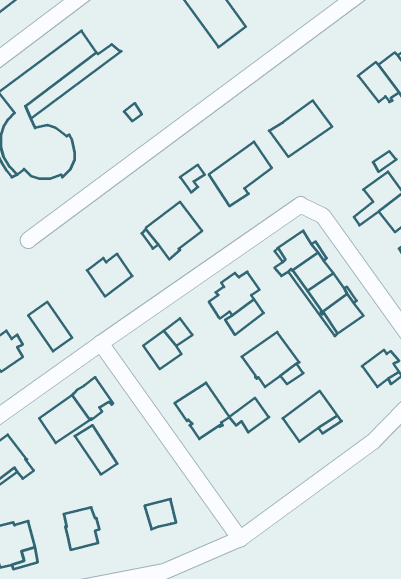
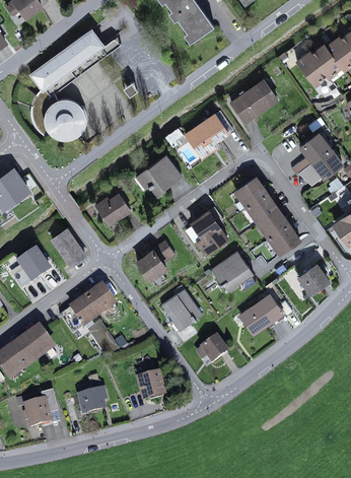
building: [229,398,269,432] -> [197,338,226,363]

